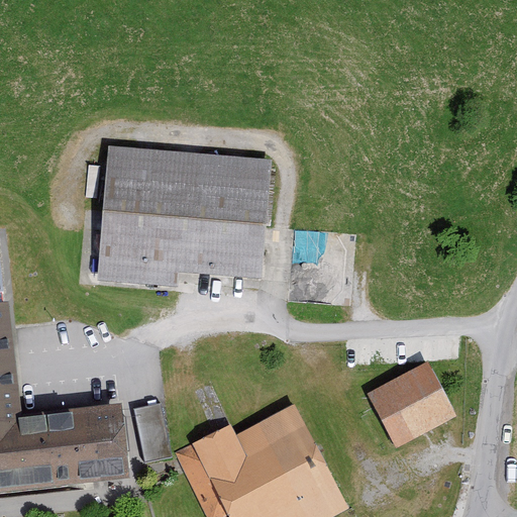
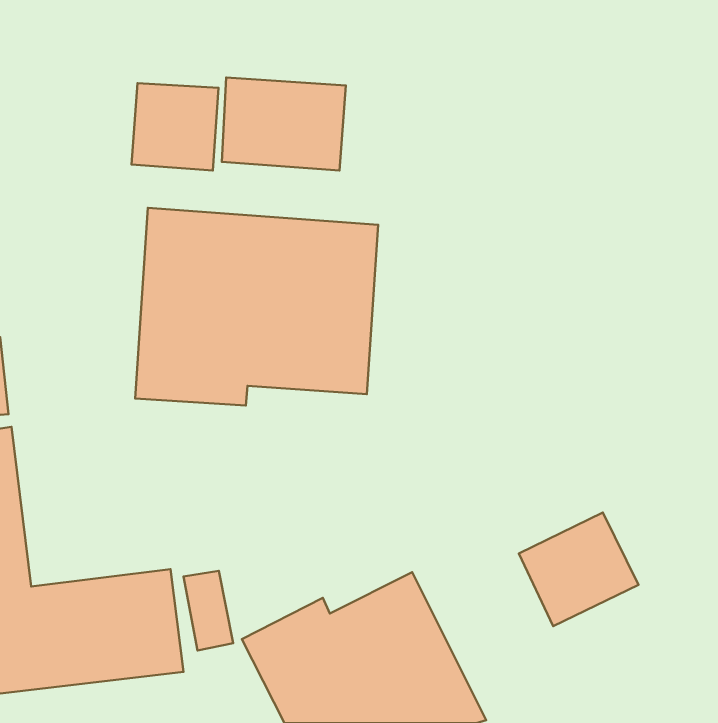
building: none -> [222,78,346,171]
building: none -> [131,83,218,170]

